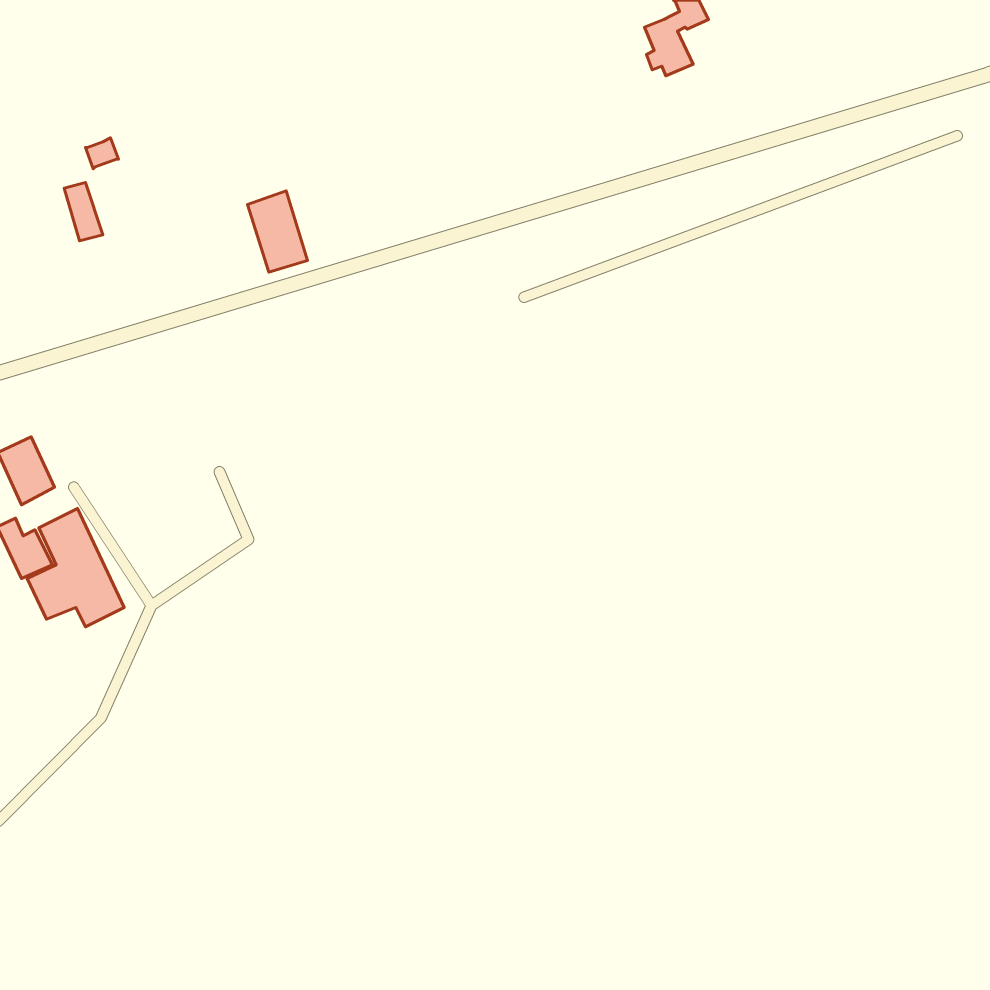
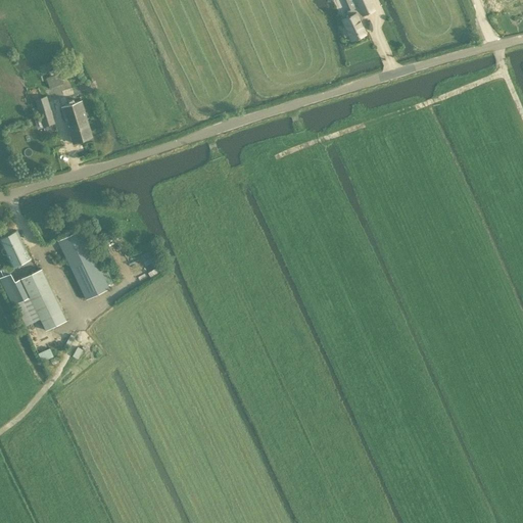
building: [247,191,308,272] -> [60,101,92,144]
building: none -> [58,231,108,300]

